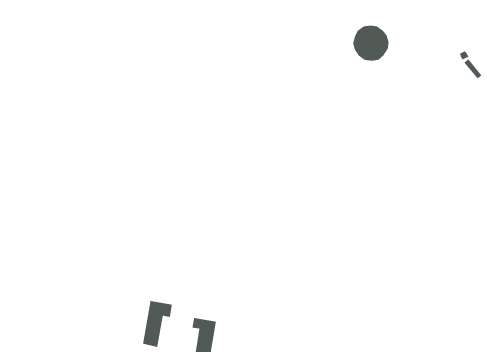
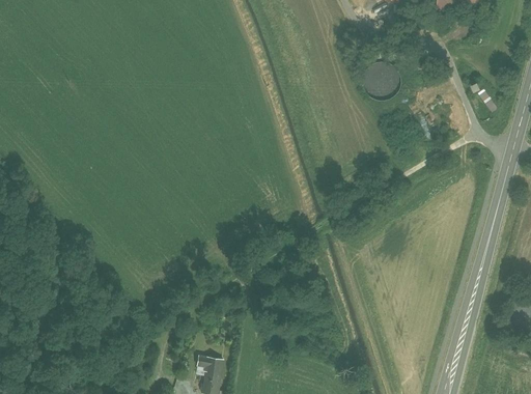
building: [142,300,173,348] -> none

